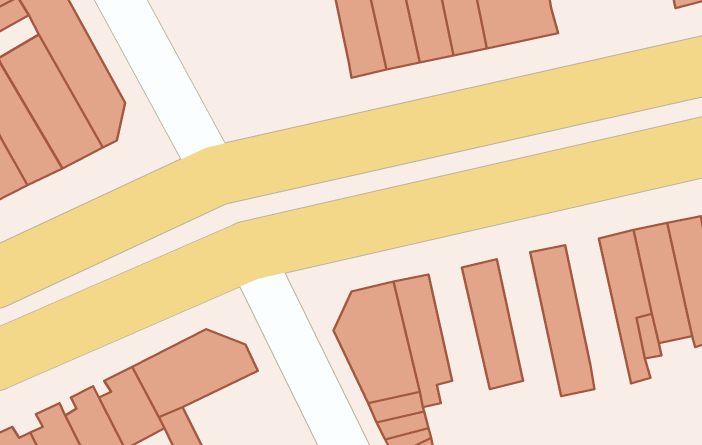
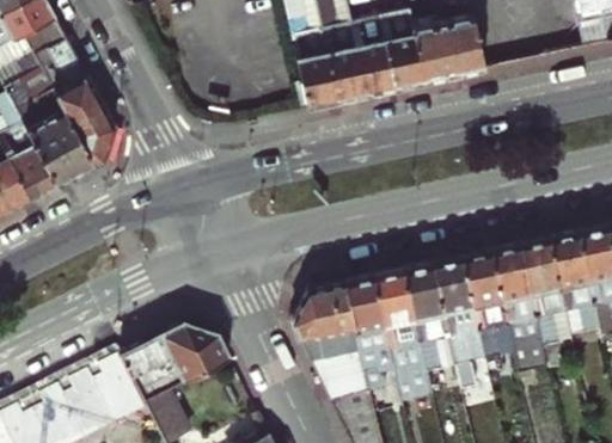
building: none -> [491,244,547,373]
building: none -> [433,256,491,395]
building: none -> [374,269,432,398]

